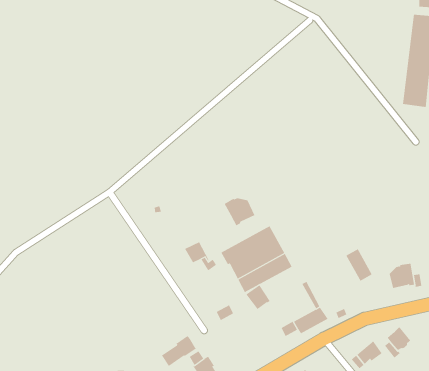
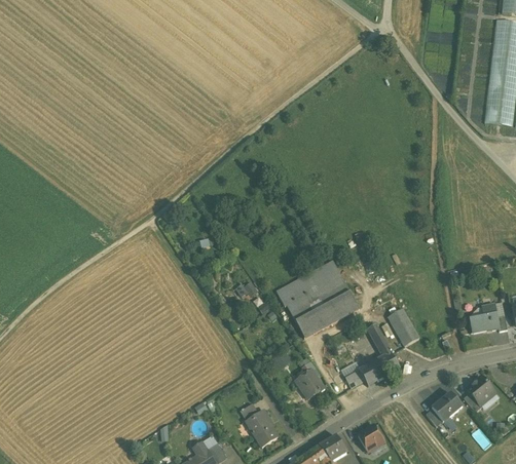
building: [224,197,255,226] -> none
building: [346,248,373,282] -> [388,308,418,346]
building: [245,285,271,310] -> [295,370,324,398]
building: [161,335,197,367] -> none

